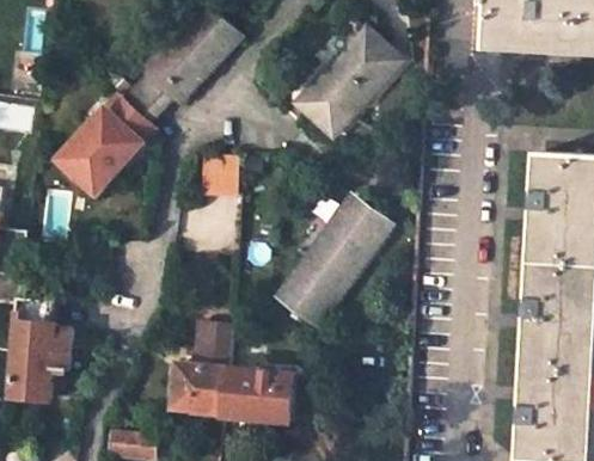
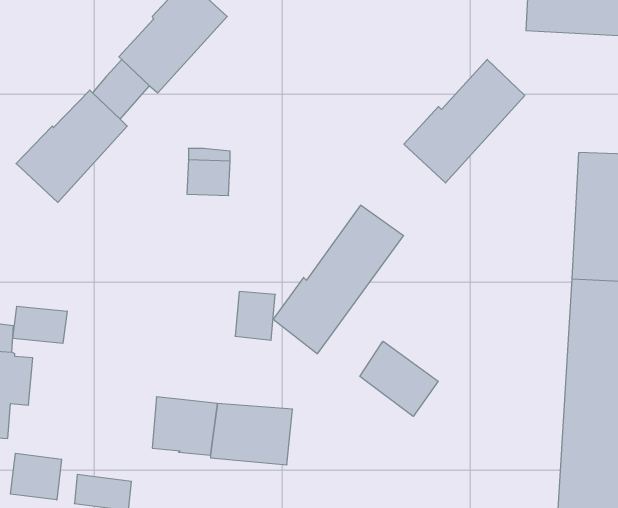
building: [292,31,396,137] -> [404,59,525,183]
building: none -> [13,306,67,343]
building: none -> [360,341,438,416]
building: [195,328,229,370] -> [235,292,275,340]
building: none -> [10,453,62,500]

